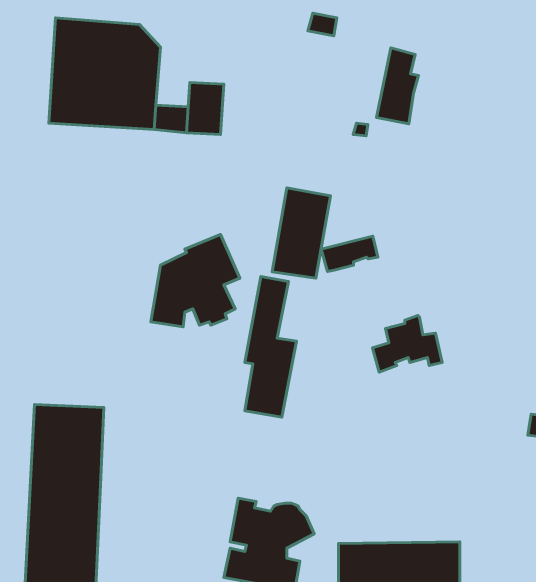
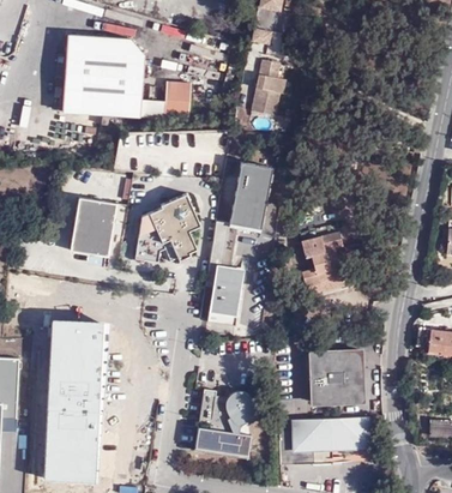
building: [376,48,419,124] -> [255,60,287,116]
building: [321,236,378,272] -> [302,238,344,264]
building: none -> [73,197,132,257]
building: none -> [311,355,361,405]

